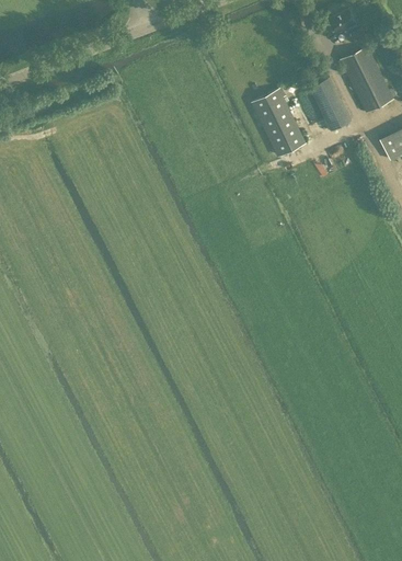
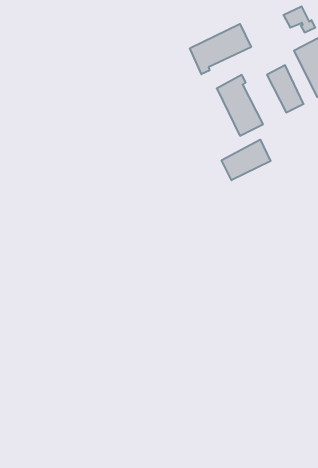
building: none -> [190,24,251,74]
building: none -> [222,140,271,180]

